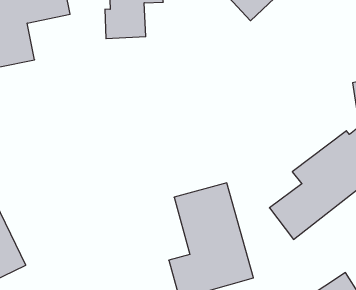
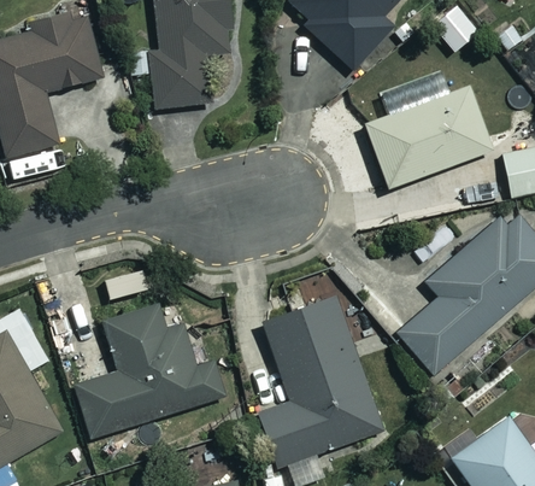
building: none -> [365,87,492,188]
building: none -> [76,300,222,437]

